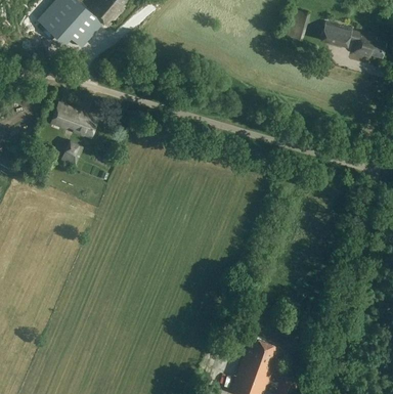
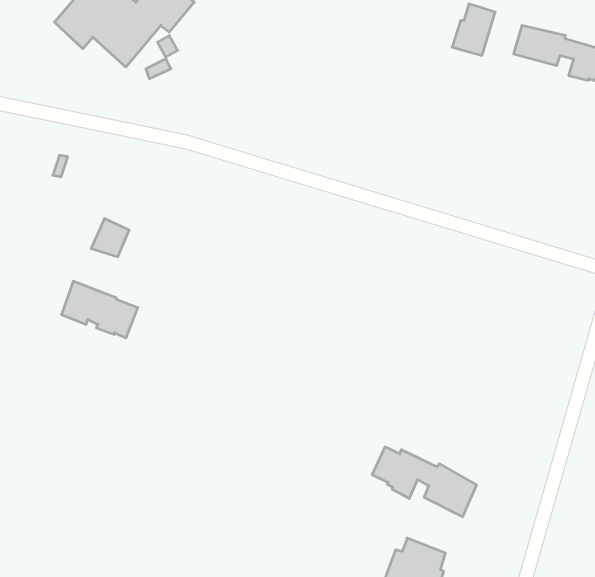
building: [50,102,97,137] -> [61,281,138,338]
building: none -> [372,447,476,517]

